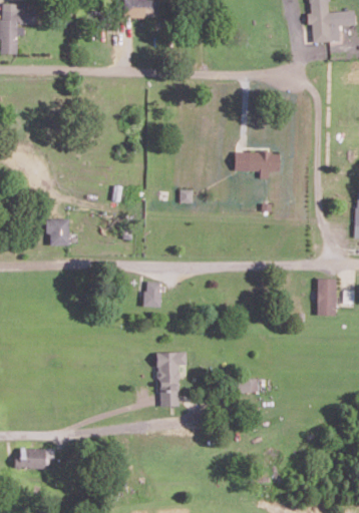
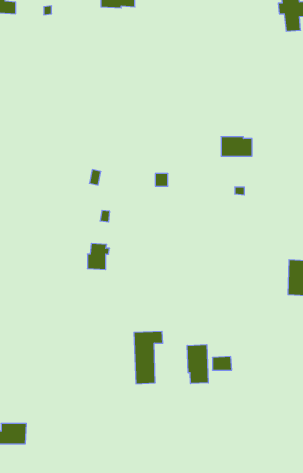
building: [45,219,68,244] -> none
building: [143,281,166,308] -> [87,243,110,270]
building: none -> [187,345,208,384]

